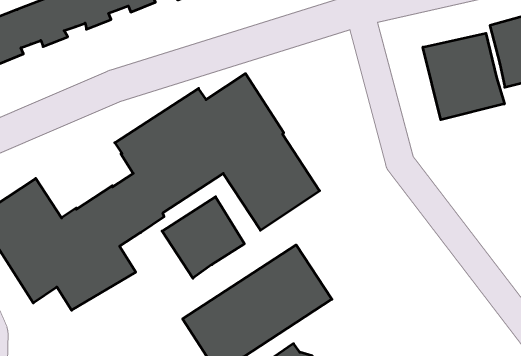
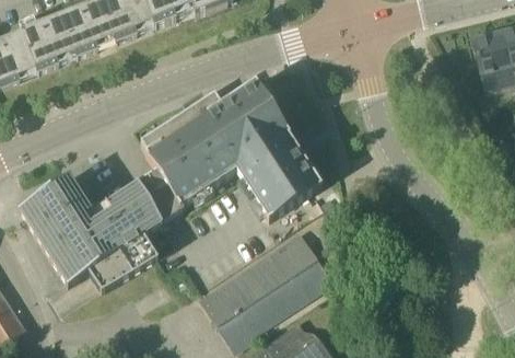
building: [423,33,504,120] -> none
building: [162,197,244,278] -> none

